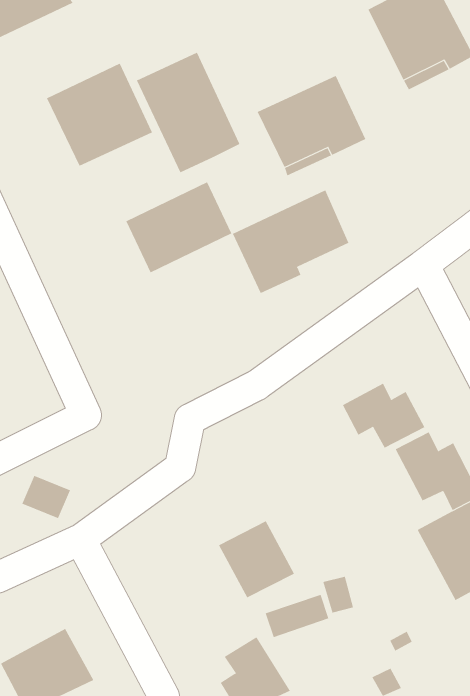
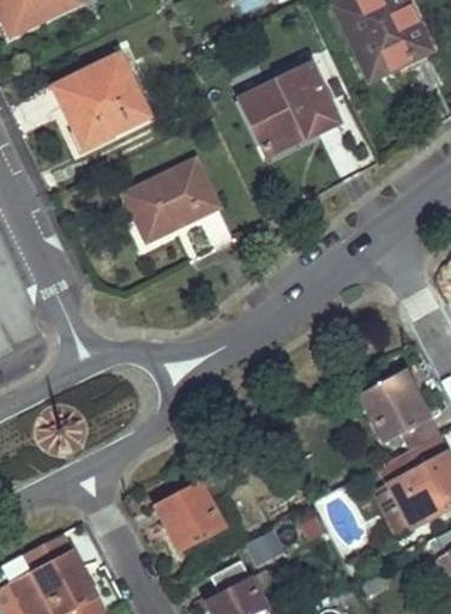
building: [136,52,240,173] -> none
building: [232,189,349,294] -> none
building: [342,383,425,449] -> none
building: [218,520,295,598] -> [156,483,223,552]

